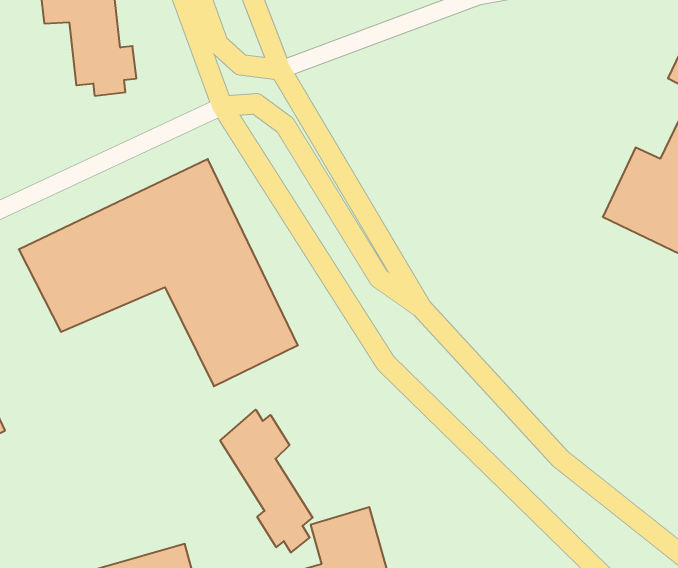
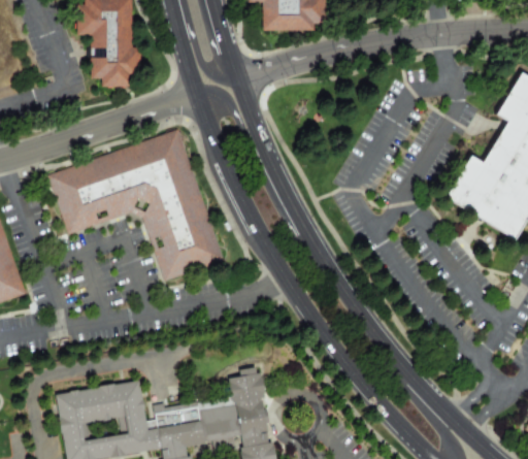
building: [220,410,313,553] -> none

